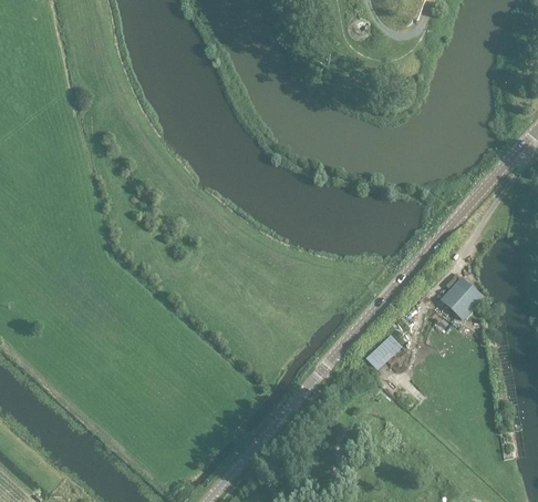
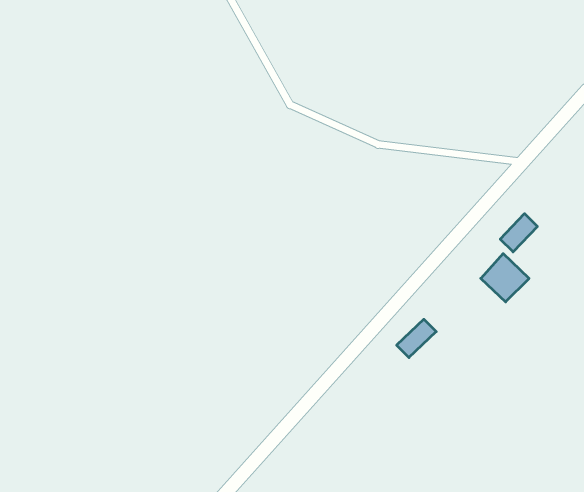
building: none -> [500,214,537,252]

